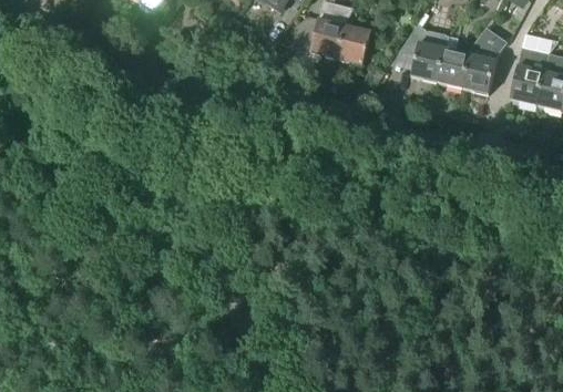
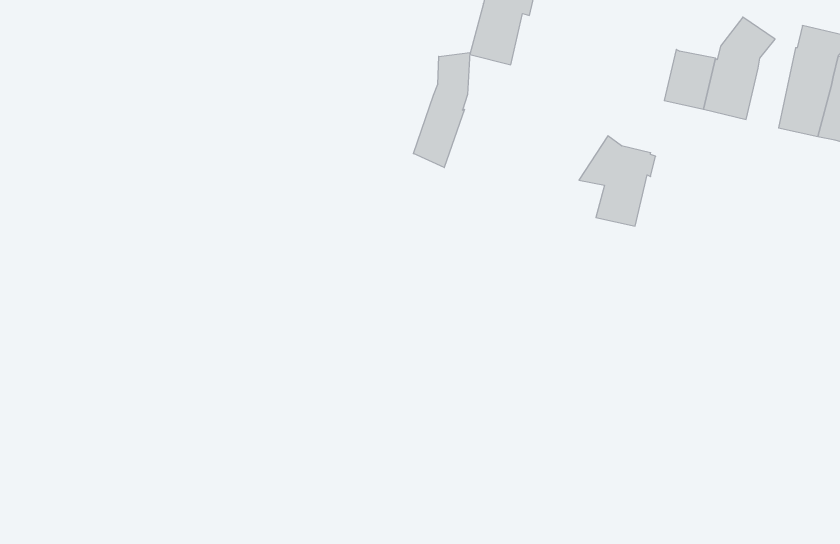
building: [399,22,449,81] -> [579,136,656,226]
building: [336,24,370,64] -> none
building: none -> [413,53,470,168]

